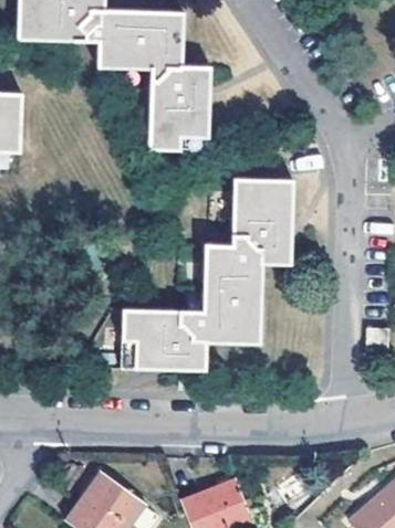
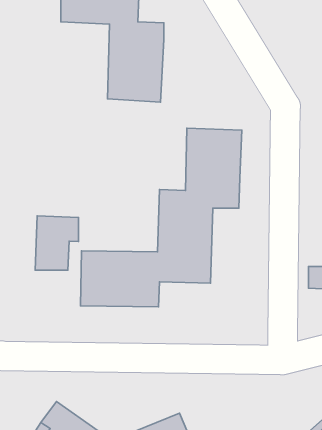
building: none -> [35,216,79,270]

